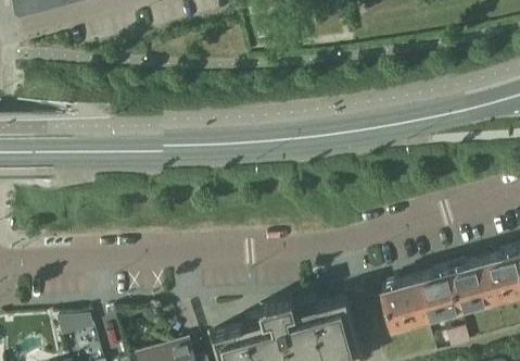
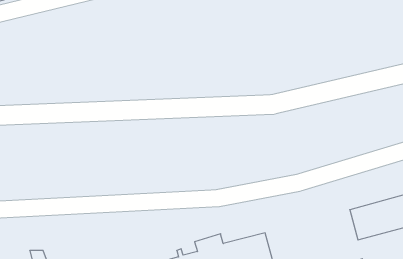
building: [382,269,459,324] -> none

